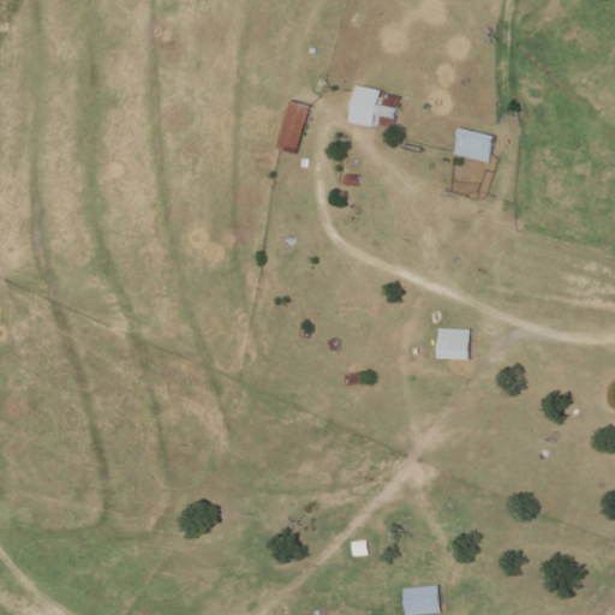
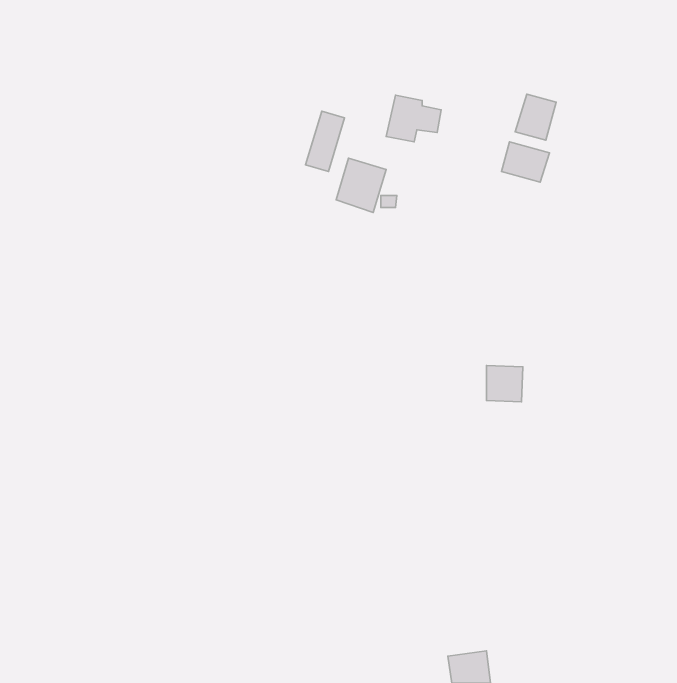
building: none -> [515,94,556,140]
building: none -> [336,158,386,213]

